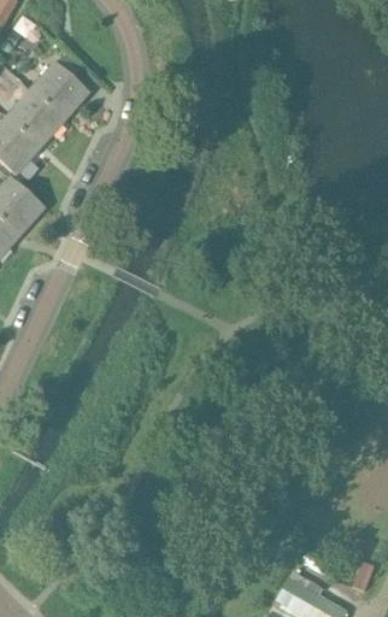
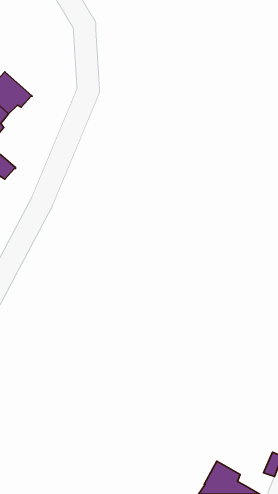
building: [31,61,89,119] -> none

